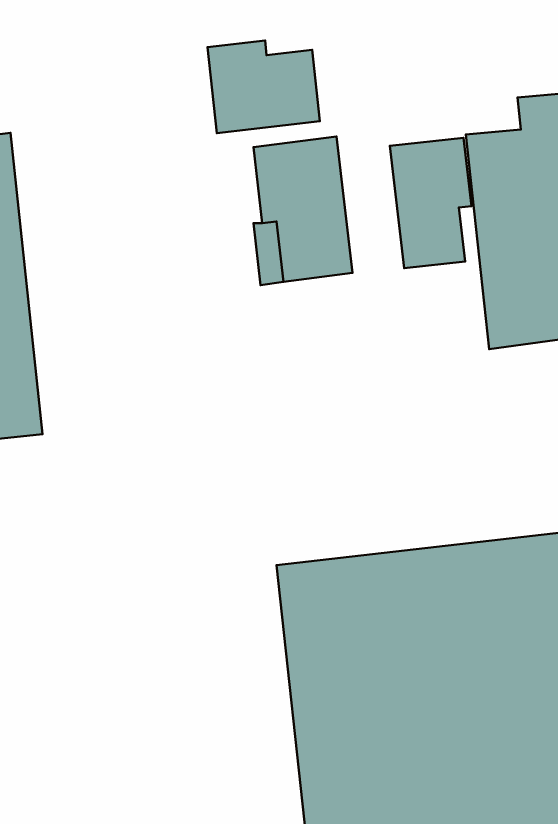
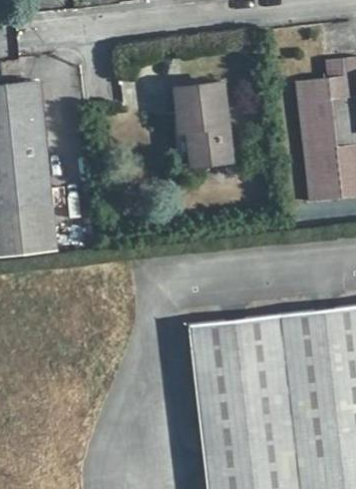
building: [207,41,320,133] -> none
building: [390,138,471,268] -> none

